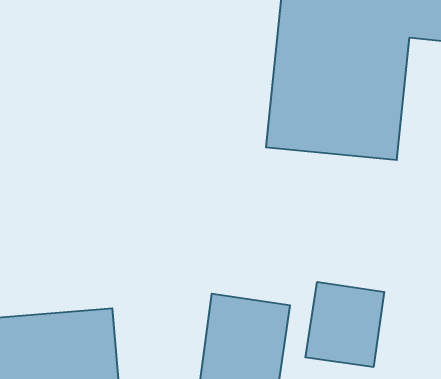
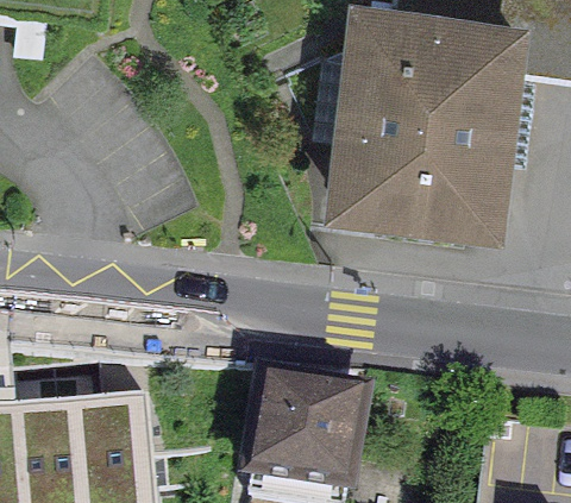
building: [305,282,384,367] -> none

